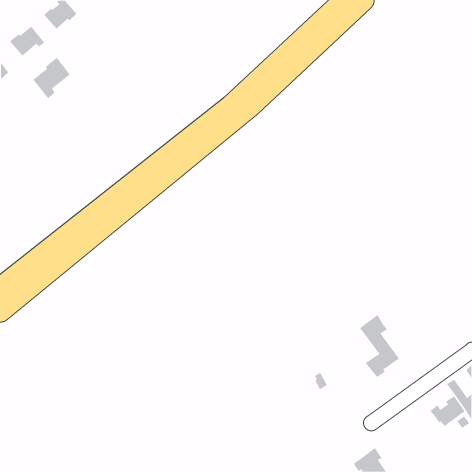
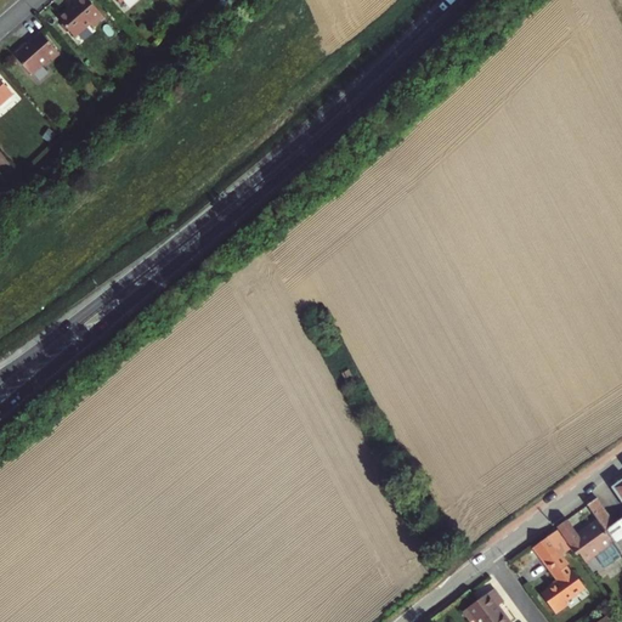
building: [32,57,71,99] -> none
building: [359,314,400,378] -> [533,528,587,612]

